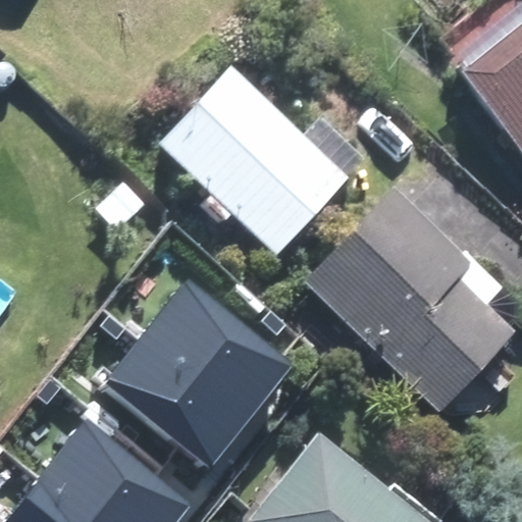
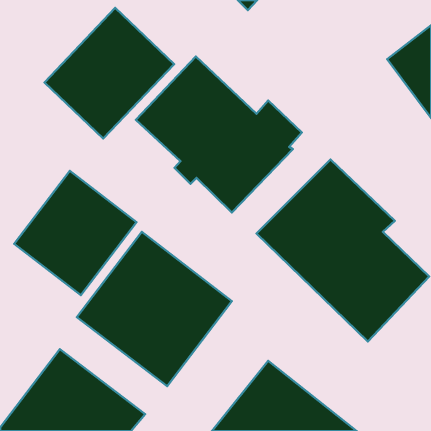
building: none -> [44,8,174,139]
building: none -> [14,171,137,295]

